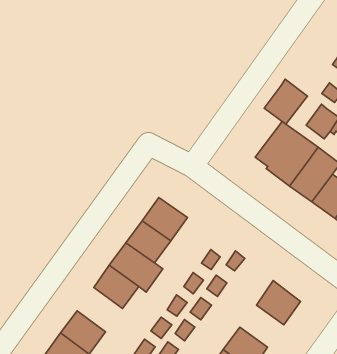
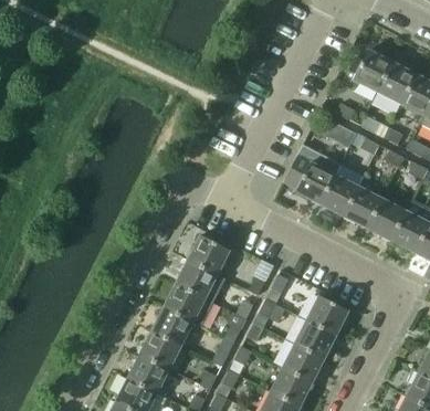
building: [264,79,307,124] -> none
building: none -> [139,328,181,368]
building: none -> [294,320,335,358]

